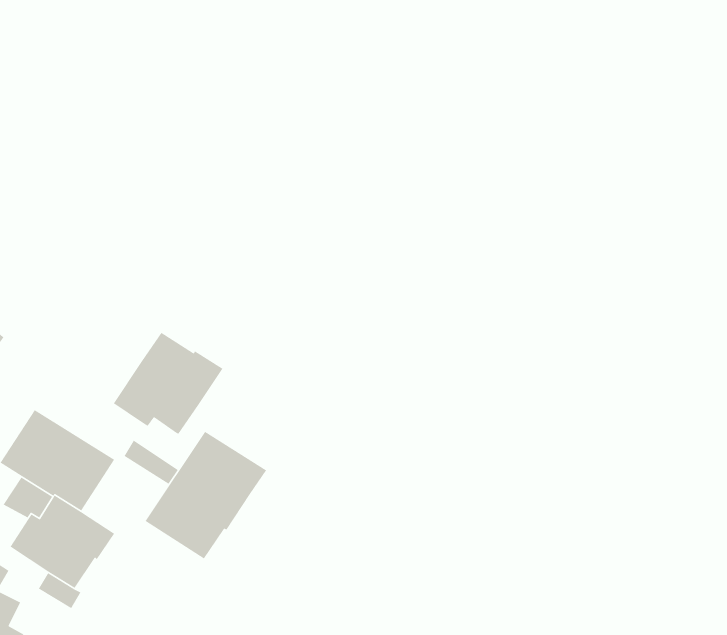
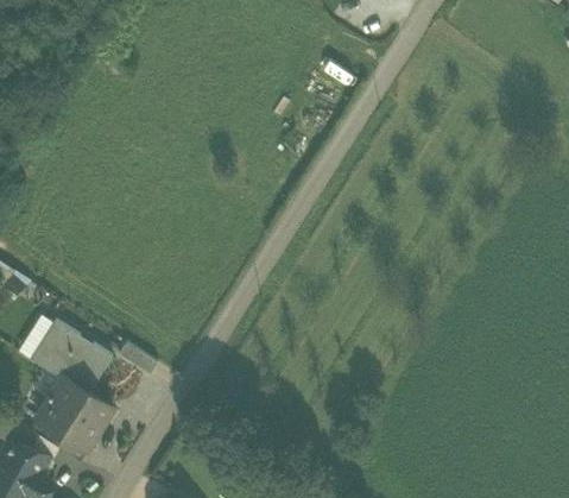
building: [113,332,224,435] -> none
building: [145,431,267,560] -> none

